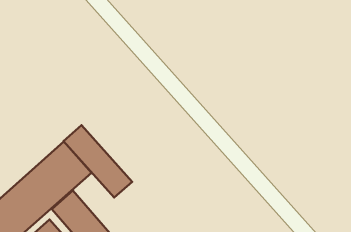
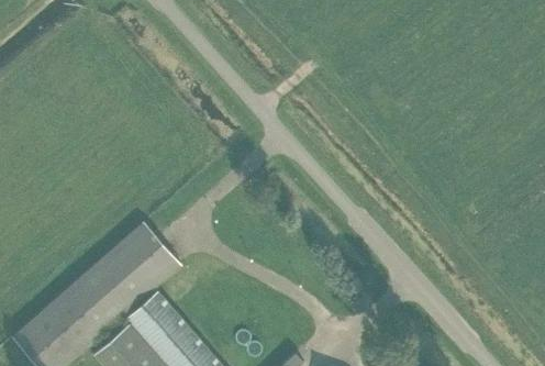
building: [64,125,132,198] -> none

